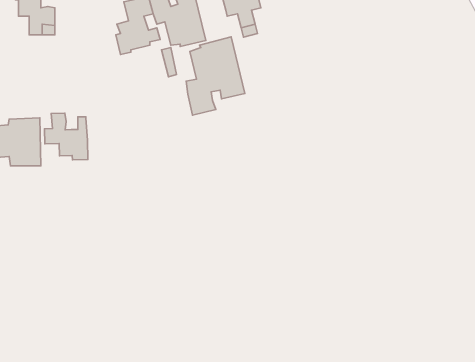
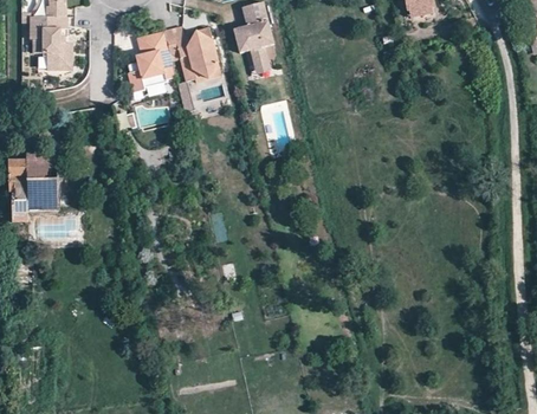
building: [186,37,245,115] -> none
building: [44,113,88,160] -> none

